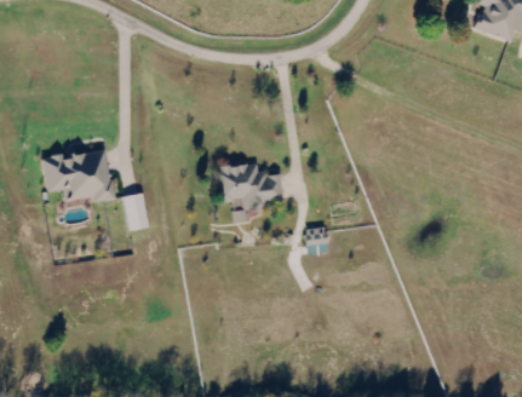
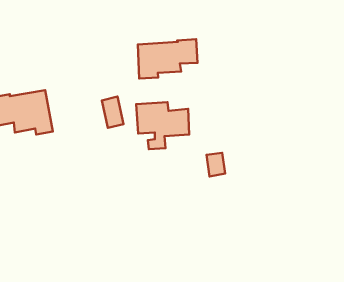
building: none -> [138,39,198,79]
building: [121,191,148,230] -> [102,97,124,128]

